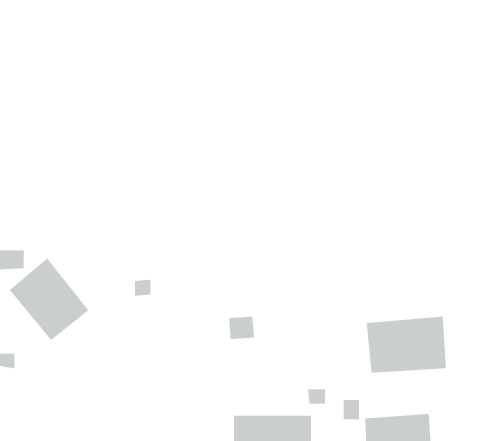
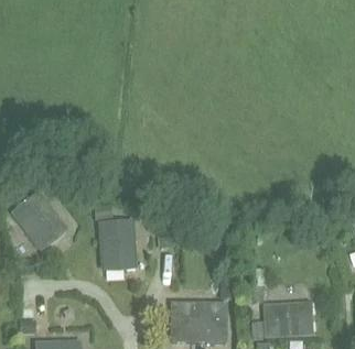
building: none -> [99,219,136,270]
building: [366,316,447,373] -> none

